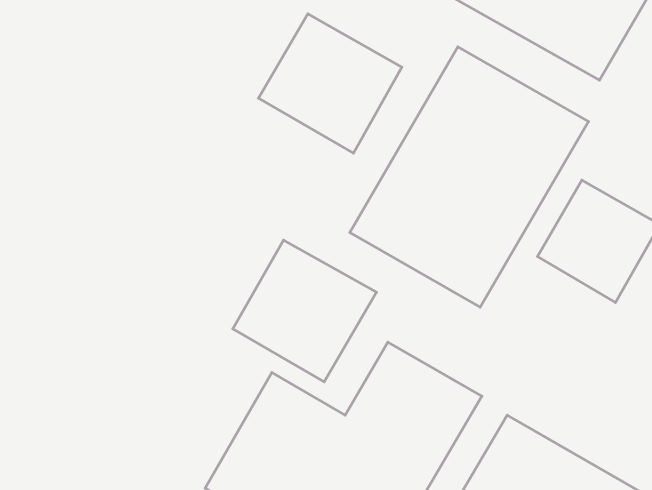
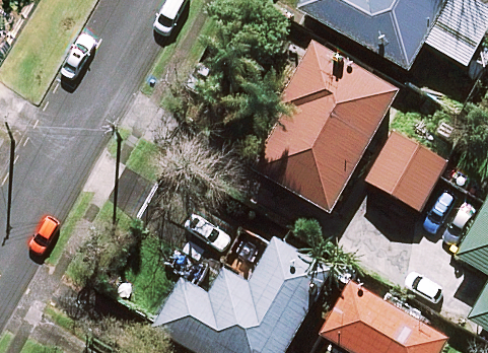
building: [259,14,402,153] -> none
building: [233,240,376,382] -> none

